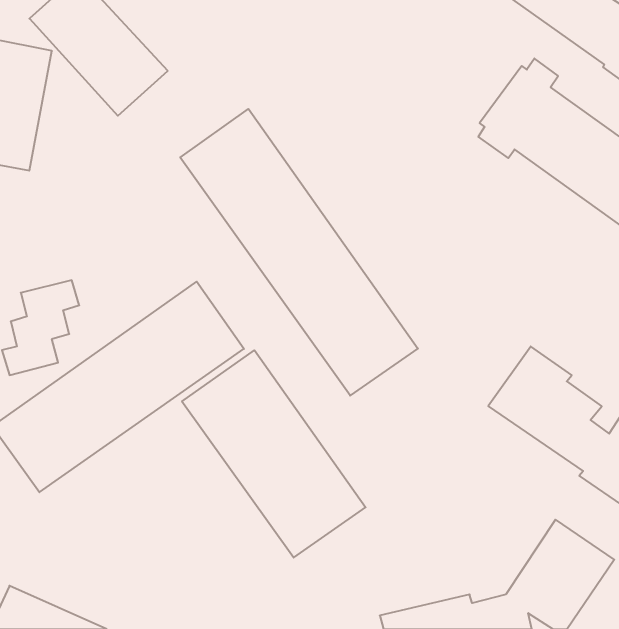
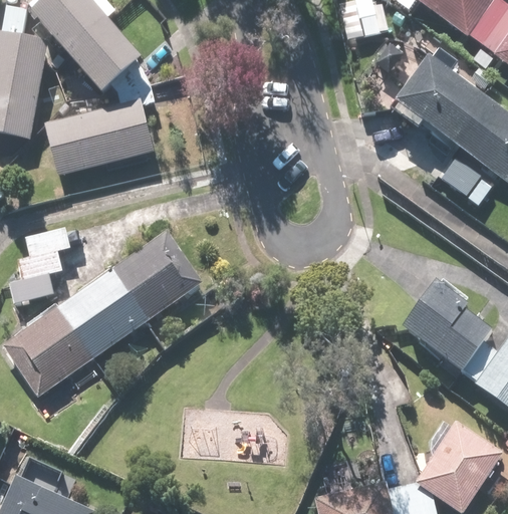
building: [180,109,418,396] -> none
building: none -> [44,98,155,175]
building: [182,350,366,558] -> none

